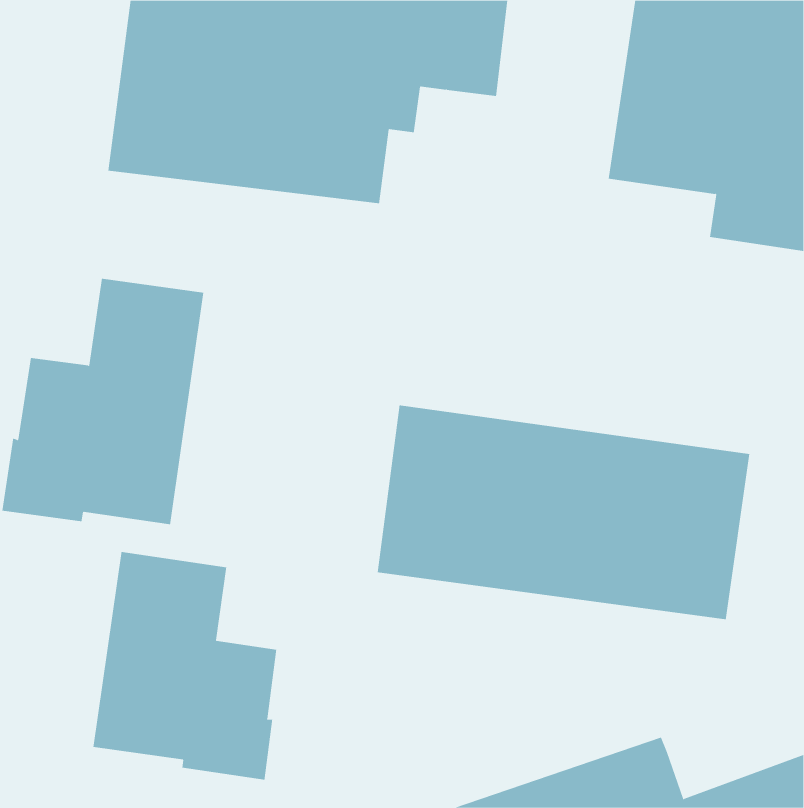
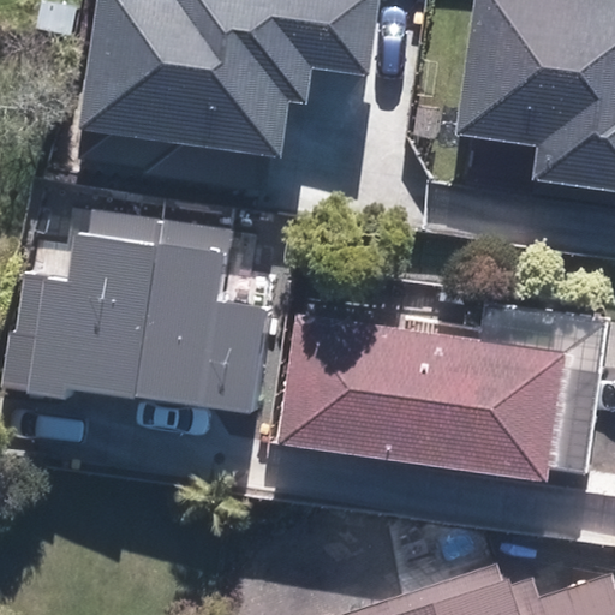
building: none -> [130,222,264,416]
building: [93,551,277,781] -> none

